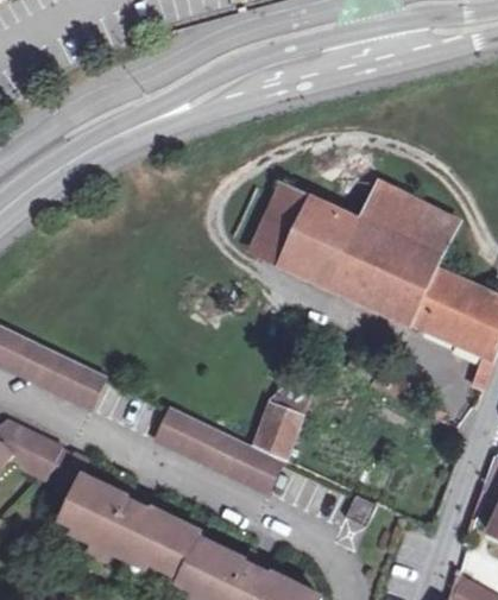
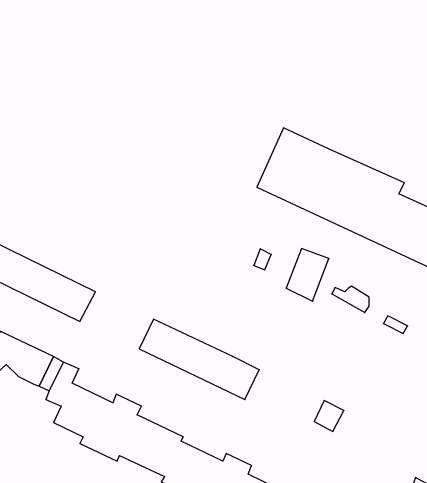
building: [358,182,455,259] -> none
building: [252,188,309,264] -> none
building: [254,404,301,461] -> [286,249,329,301]

